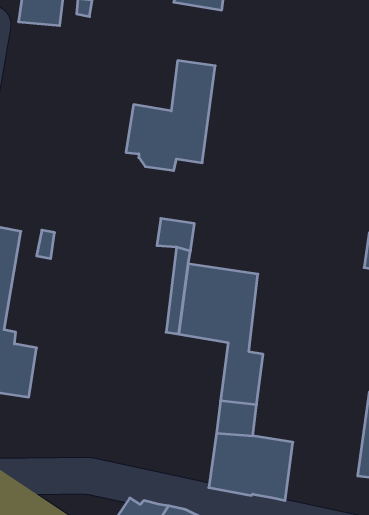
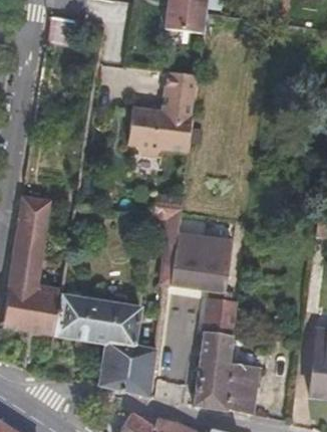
building: none -> [54,295,155,396]

